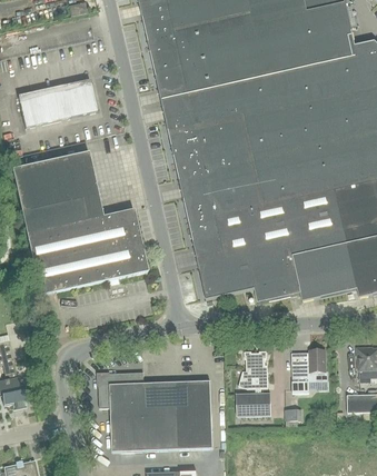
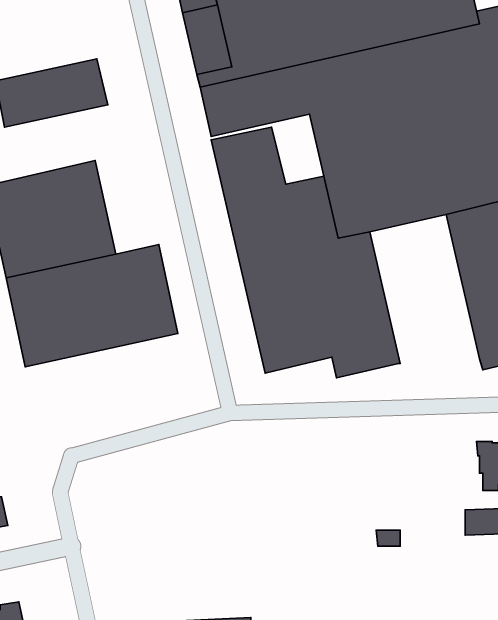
building: [169,117,248,166] -> none
building: [280,187,357,300] -> none
building: [291,348,327,391] -> none
building: [236,349,270,415] -> none
building: [98,370,212,450] -> none

